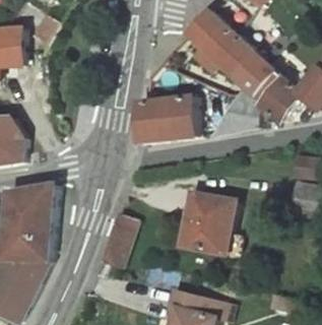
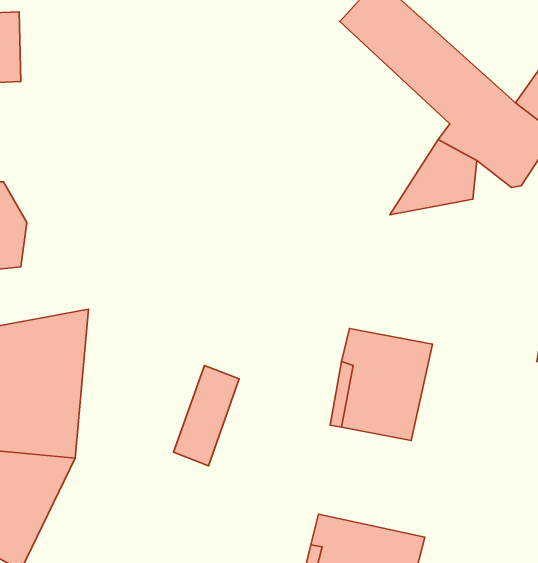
building: [138,95,196,142] -> none

